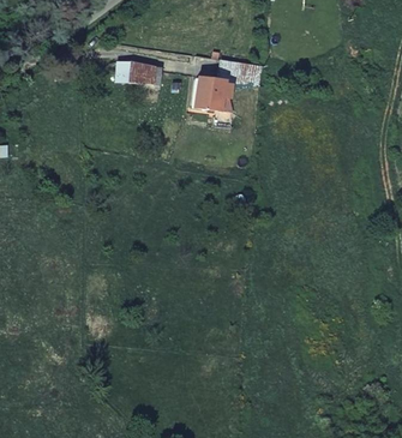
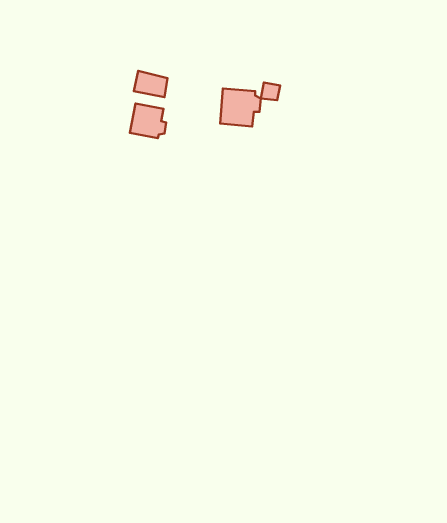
building: none -> [130,103,166,138]

